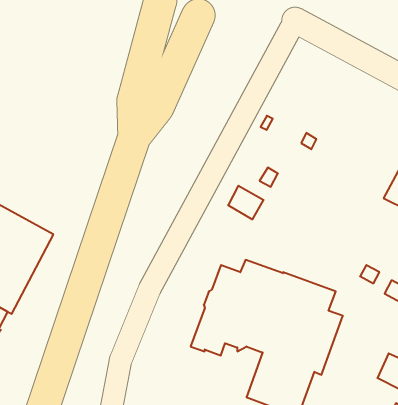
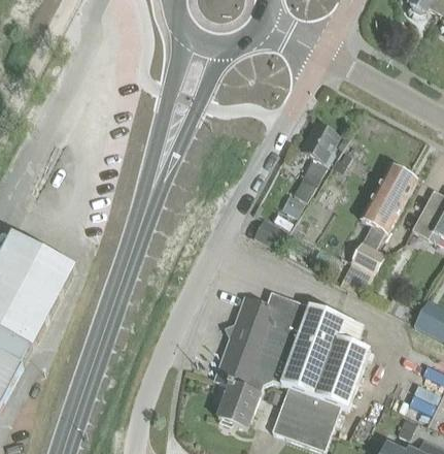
building: none -> [294,121,339,200]
building: none -> [331,162,418,295]
building: none -> [217,376,263,427]

